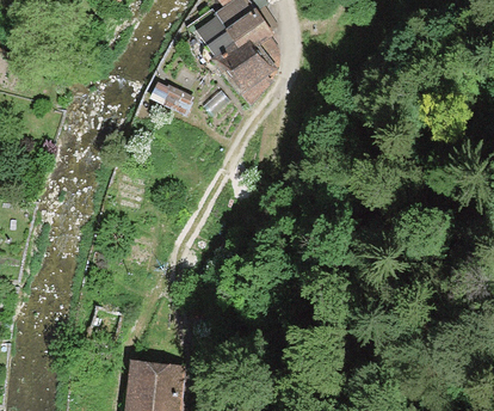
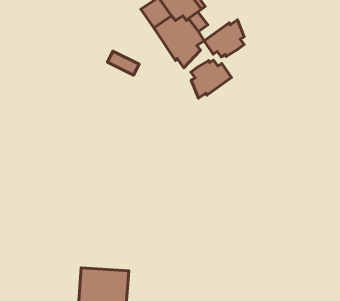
building: none -> [204,20,244,57]
building: none -> [191,60,231,98]

